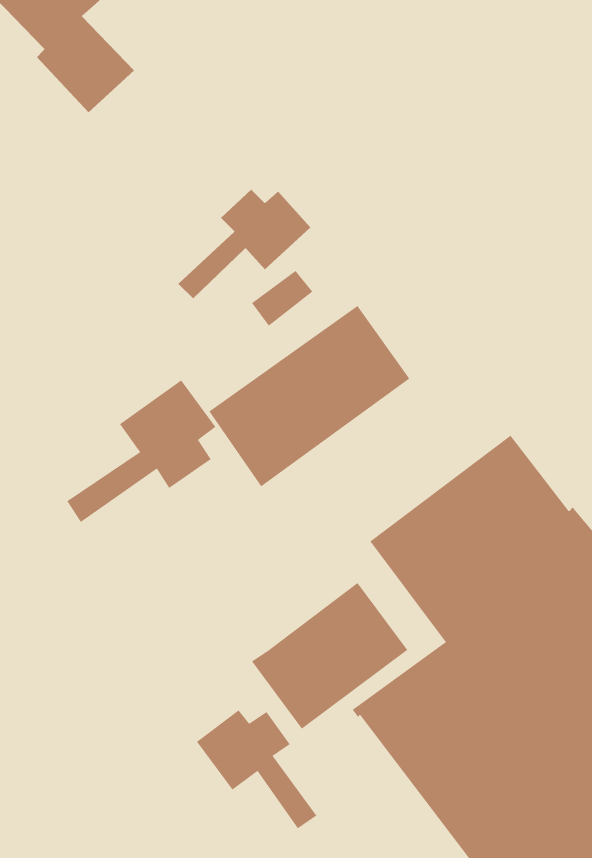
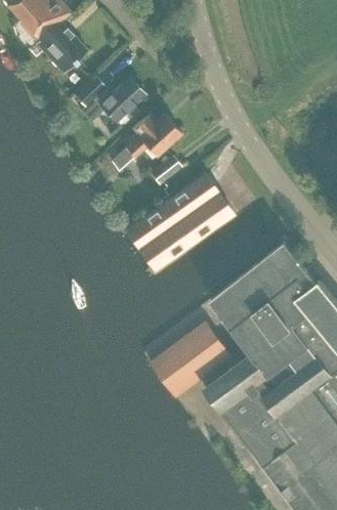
building: none -> [74,77,145,123]
building: [67,380,216,523] -> none
building: [196,709,317,829] -> none

